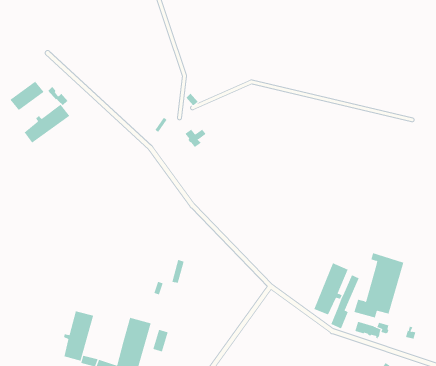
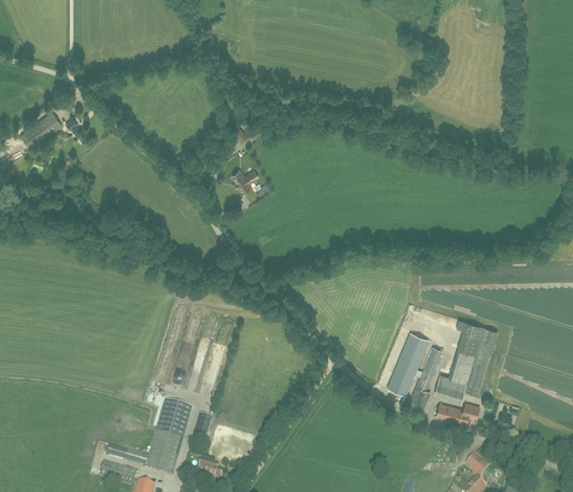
building: [24,104,70,144] -> none
building: [64,311,94,362] -> none

